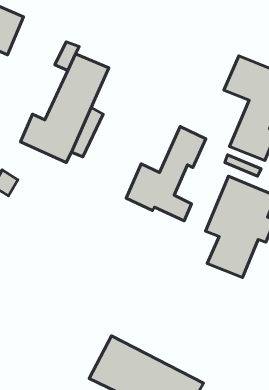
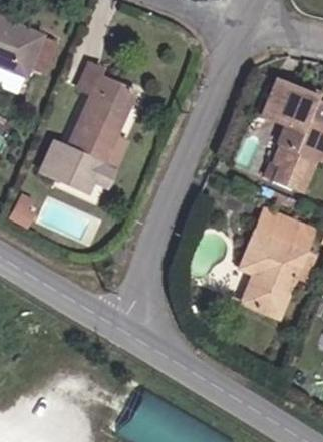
building: [126,126,206,221] -> none

